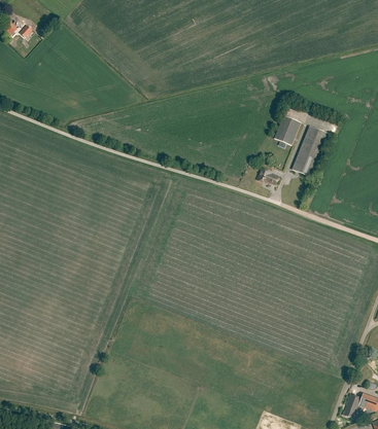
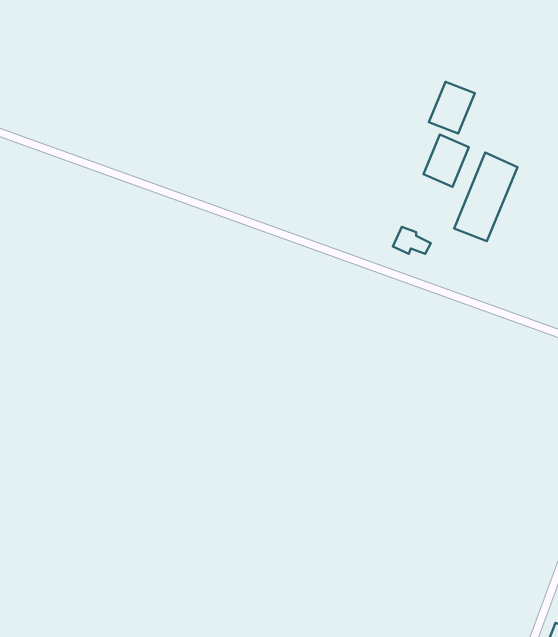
building: none -> [429,82,475,133]

